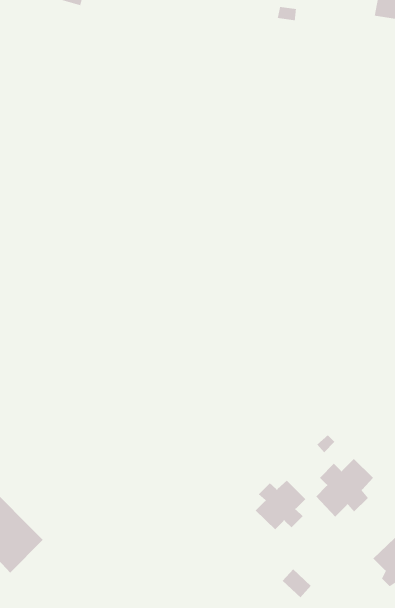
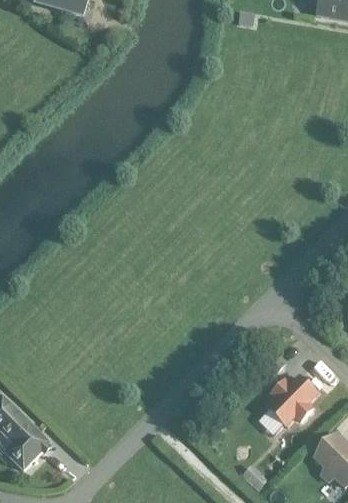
building: [255,480,306,530] -> none

